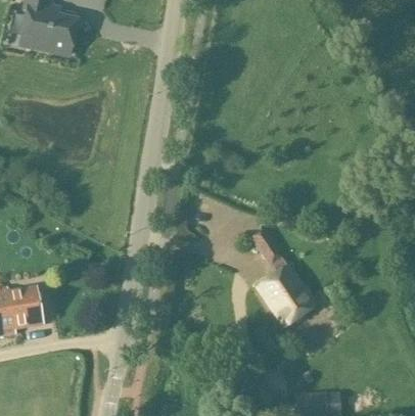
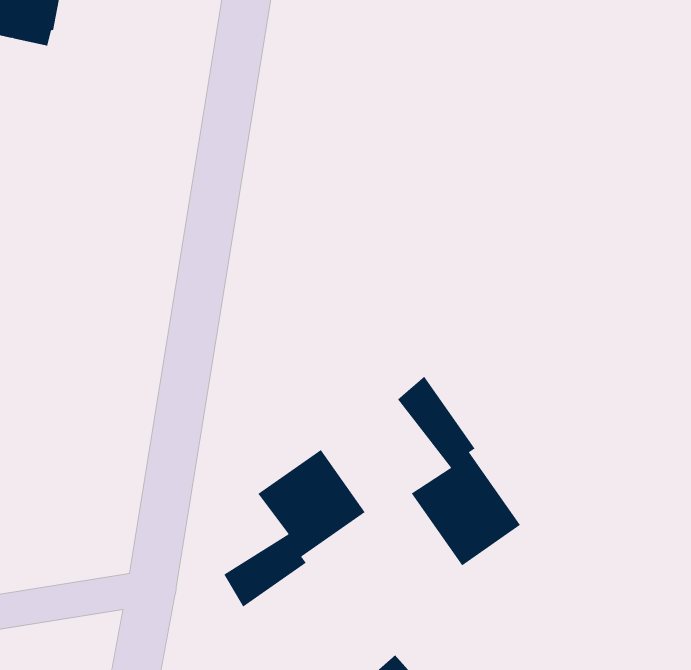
building: none -> [223,449,365,608]

